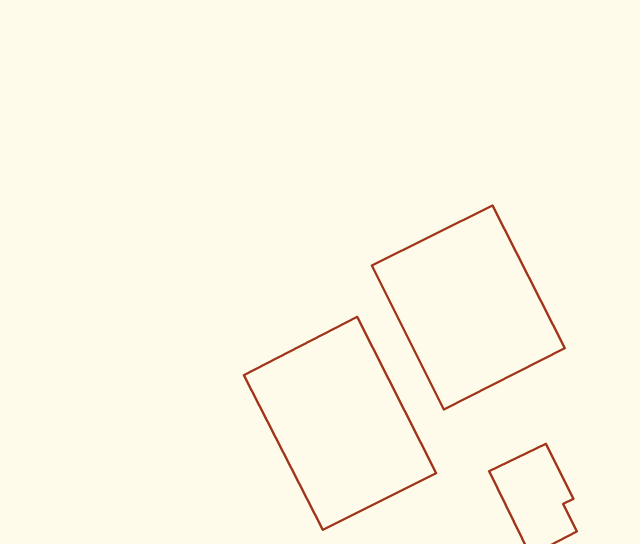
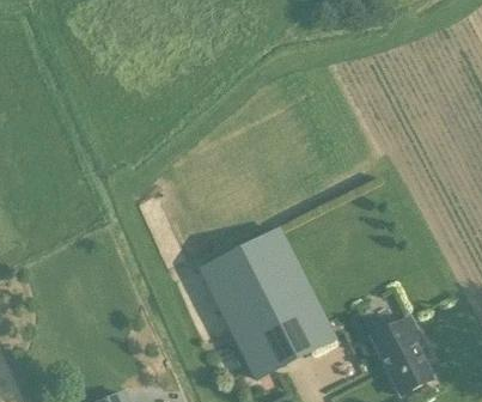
building: [372,206,565,409] -> none

